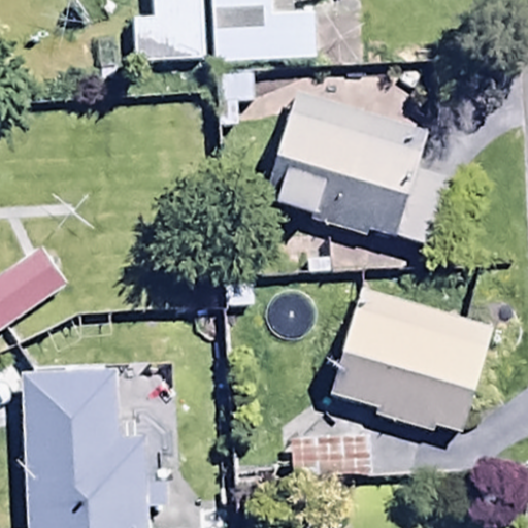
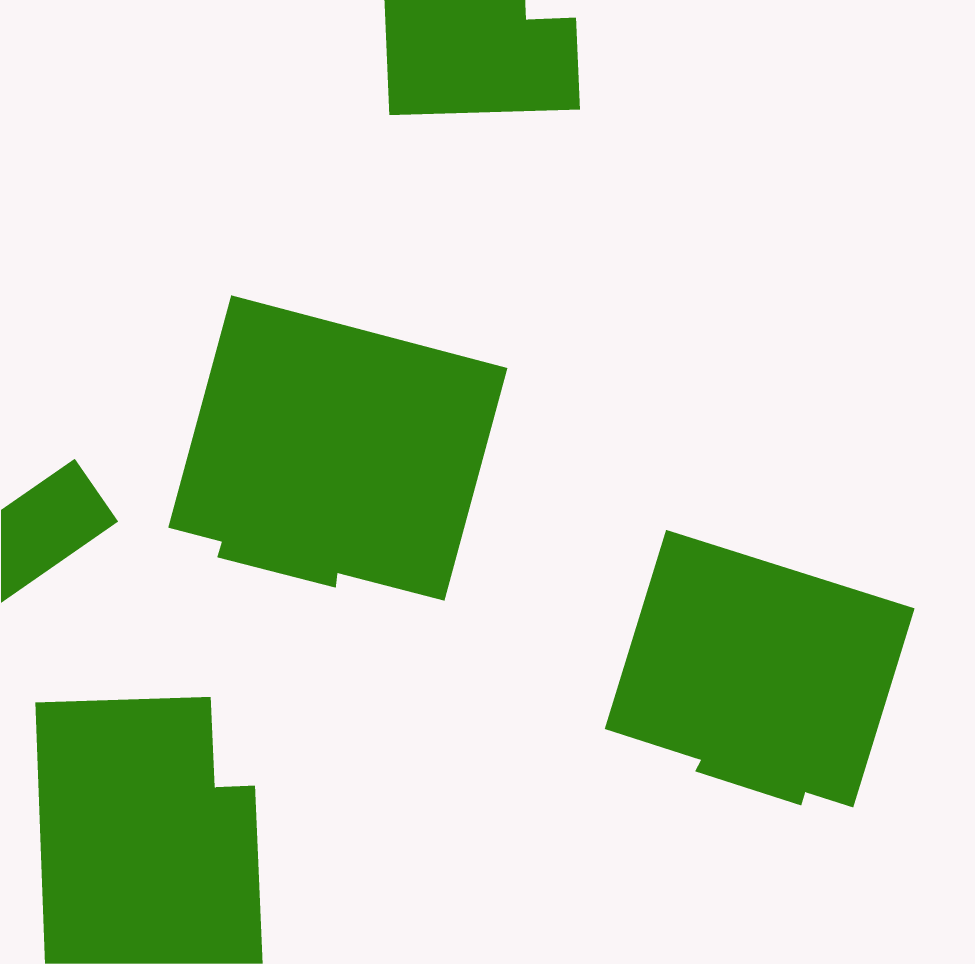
building: [275,93,456,246] -> none
building: none -> [168,294,508,601]

